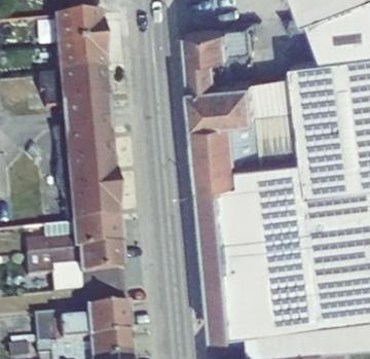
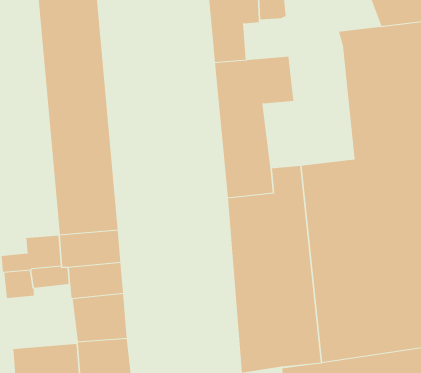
building: [233,72,305,170] -> none

